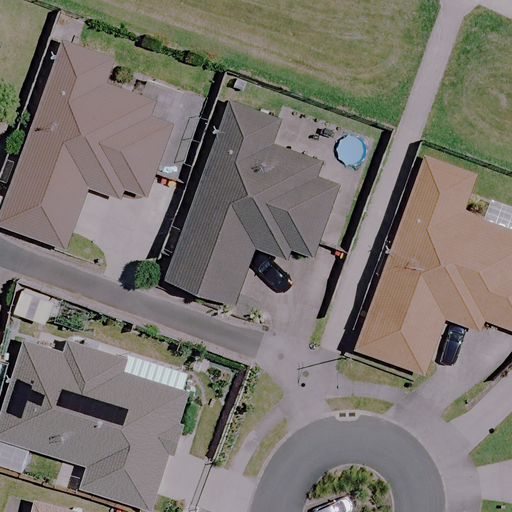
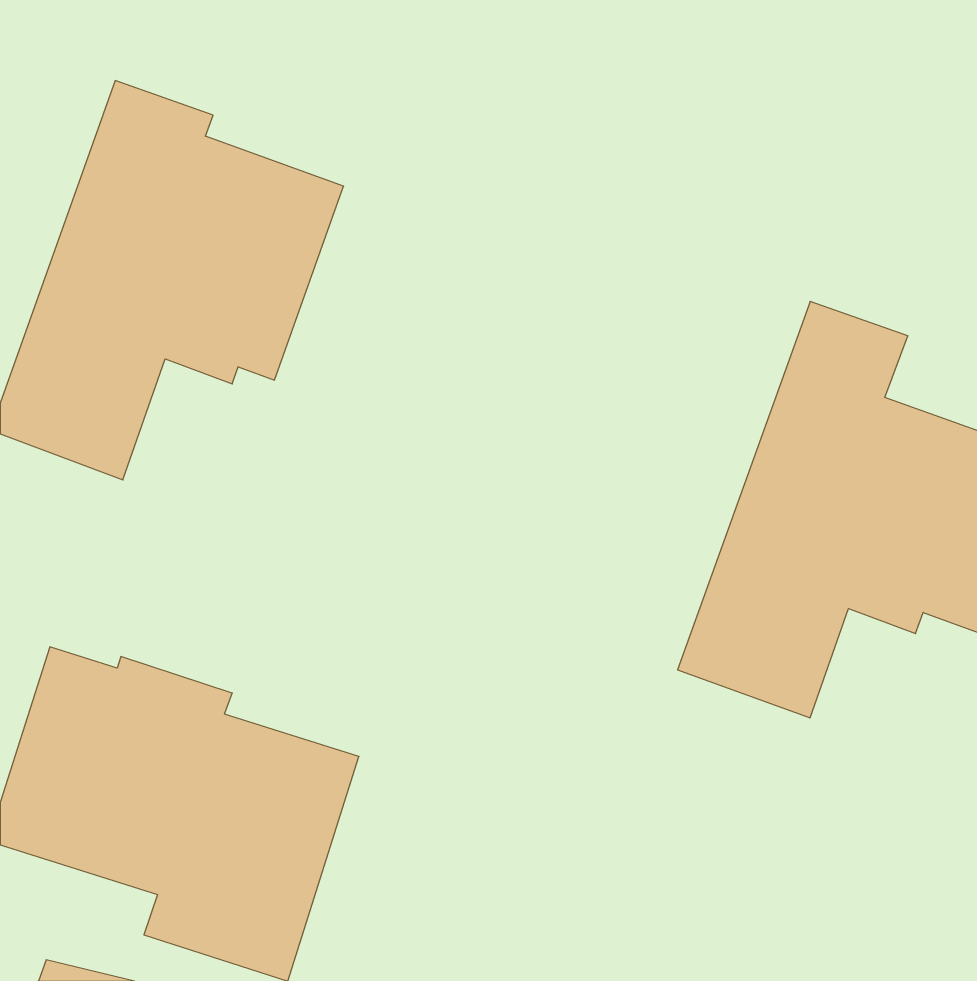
building: [162,100,340,306] -> none

